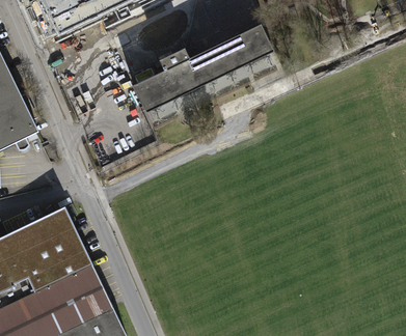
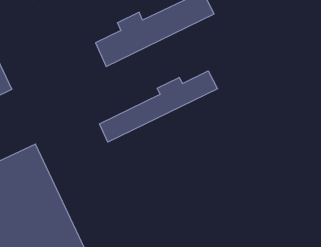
building: none -> [99,71,218,142]

